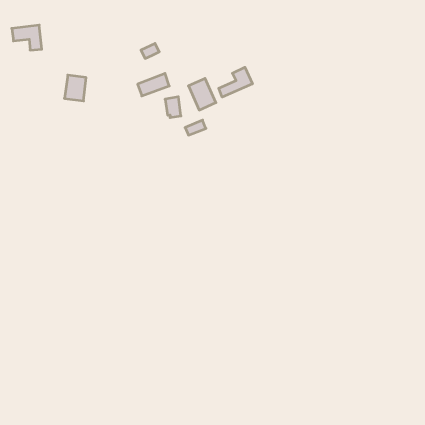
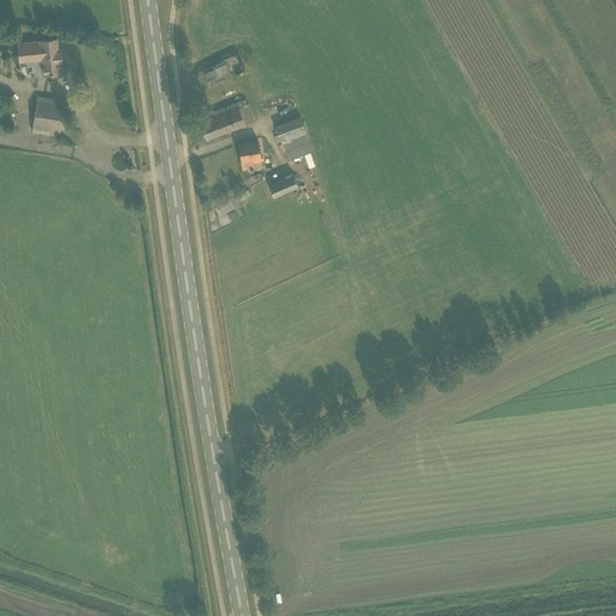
building: [219,67,252,97] -> none
building: [64,75,86,101] -> [31,96,63,134]

